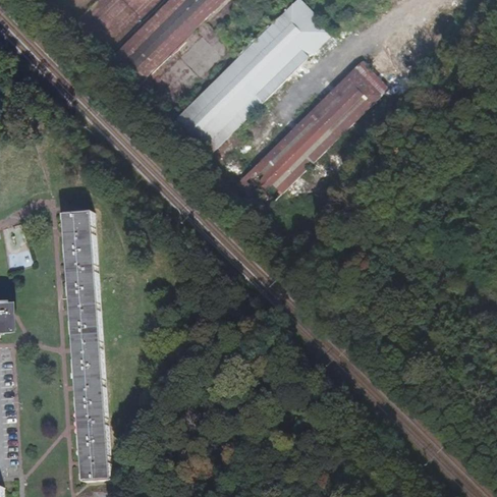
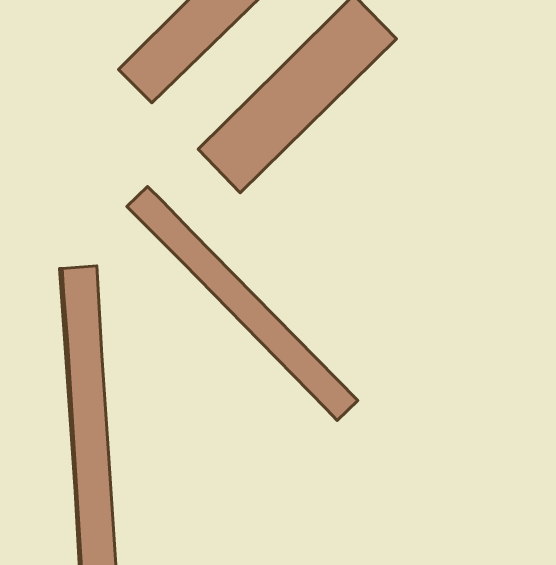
building: [235,61,386,211] -> none
building: none -> [127,186,358,420]

